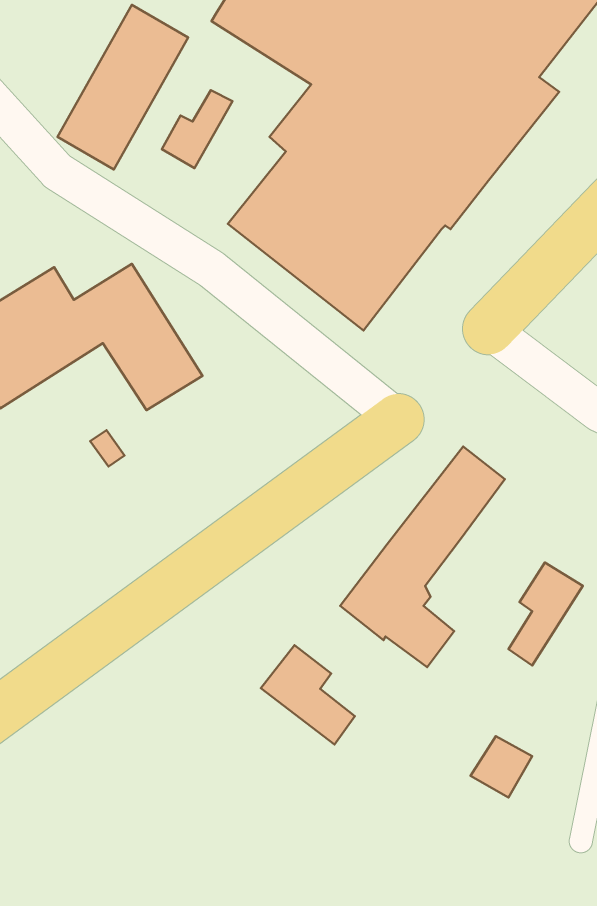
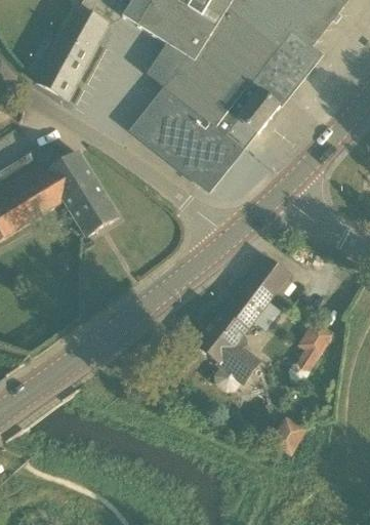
building: [162,90,232,168] -> none
building: [261,645,355,745] -> none

